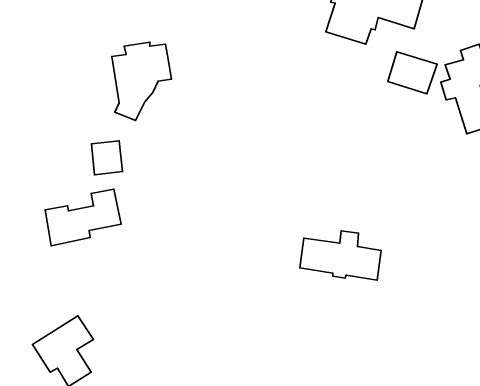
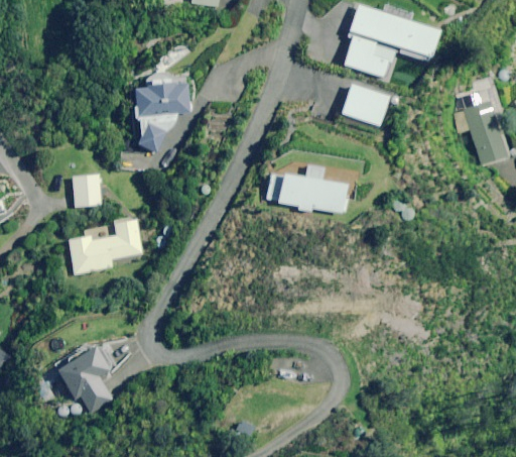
building: [388,52,437,94] -> [342,85,390,126]
building: [92,141,122,175] -> [73,175,103,208]
building: [300,231,381,280] -> [267,165,347,214]

